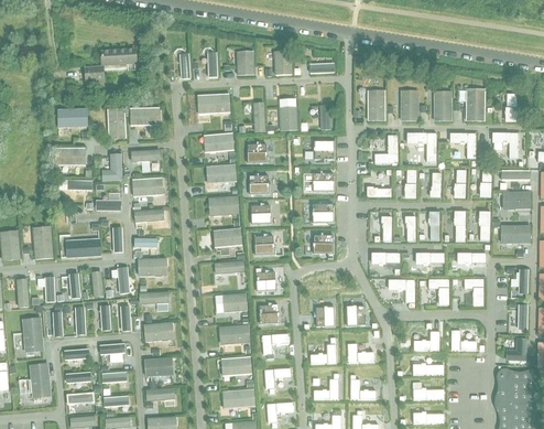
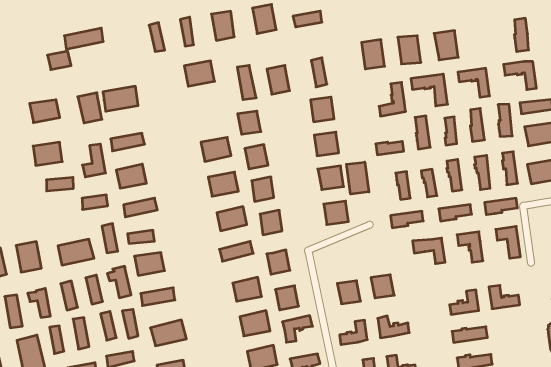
building: [466,89,485,120] -> none
building: [208,131,233,151] -> none
building: none -> [346,162,369,194]

